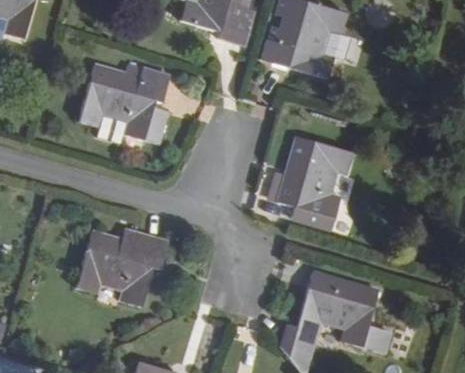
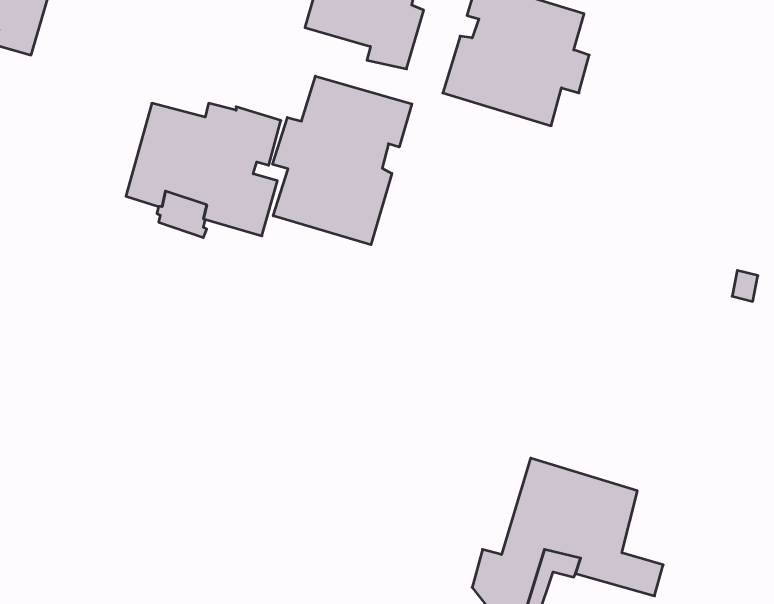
building: none -> [273,76,412,245]
building: [279,136,351,228] -> none
building: [76,229,167,303] -> none

